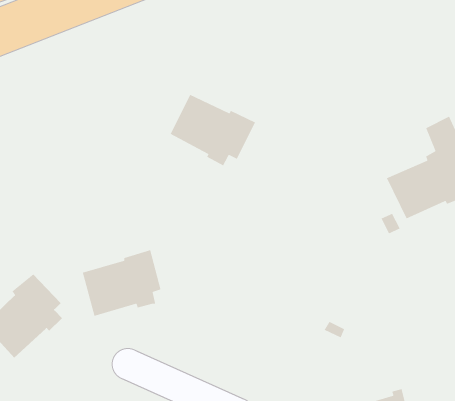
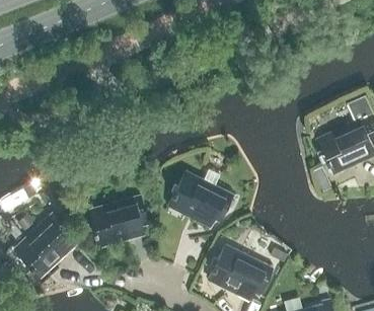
building: [170,94,256,167] -> [168,174,233,229]
building: none -> [208,248,273,302]

